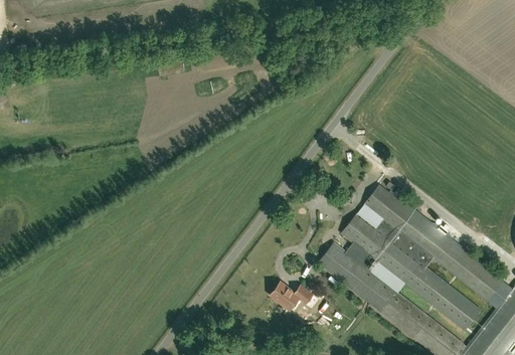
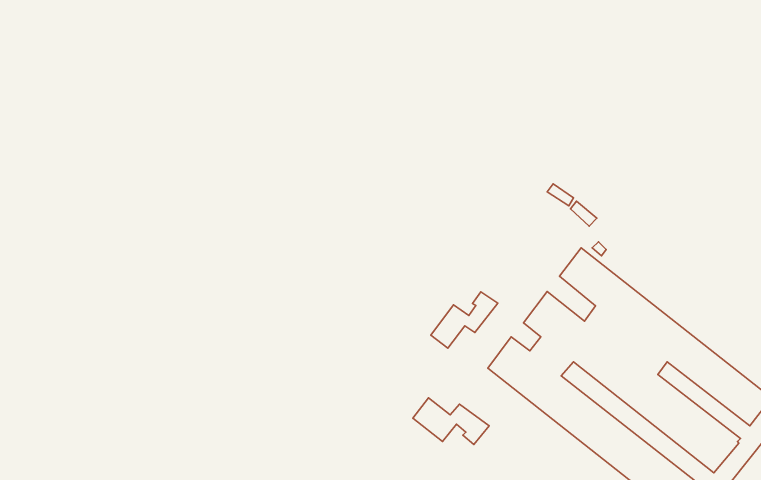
building: none -> [431,292,498,348]

